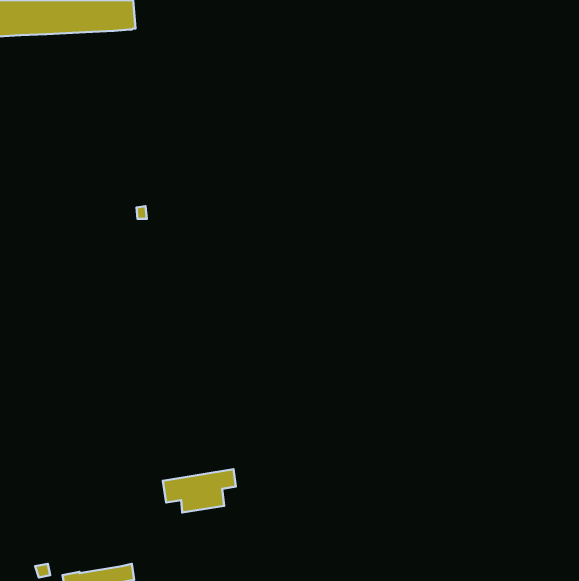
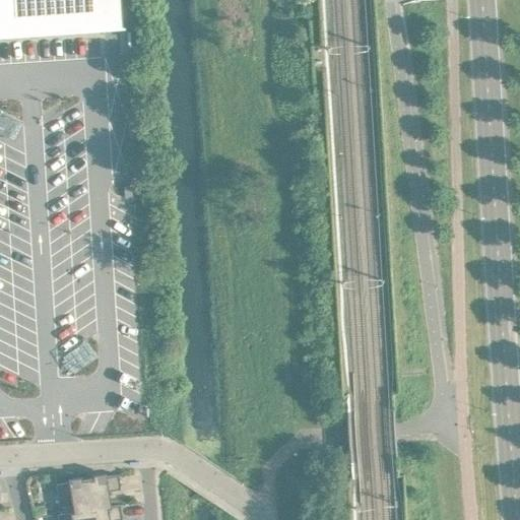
building: [163,469,236,513] -> [54,473,119,512]

